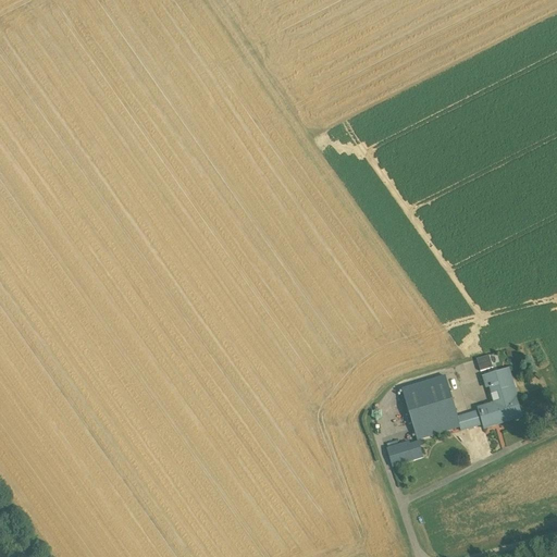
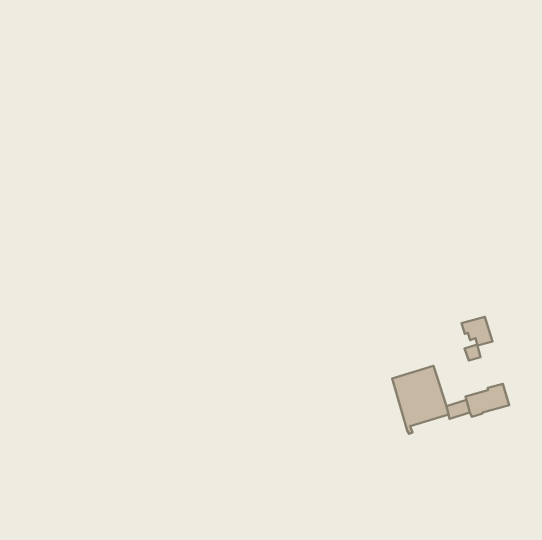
building: [483,368,515,397] -> [462,317,492,346]
building: [386,441,422,465] -> none

